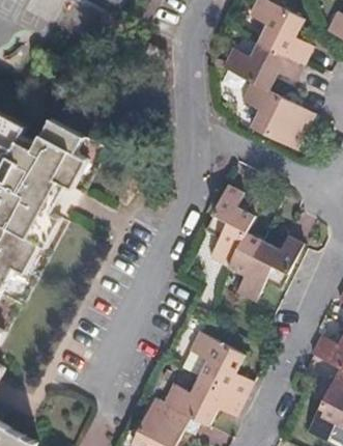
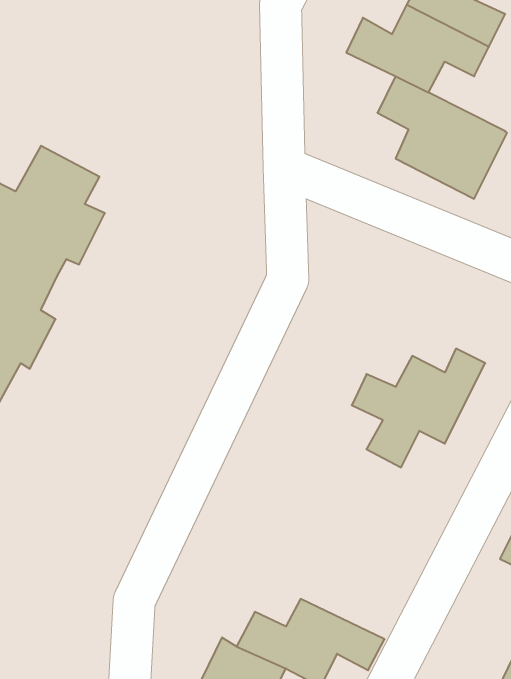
building: [203,185,260,267] -> none
building: [188,332,253,399] -> none

